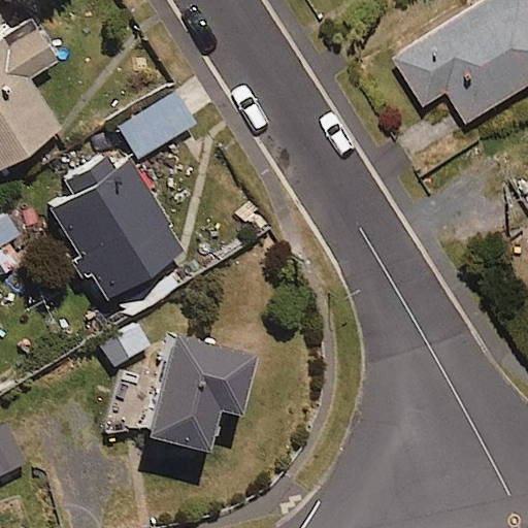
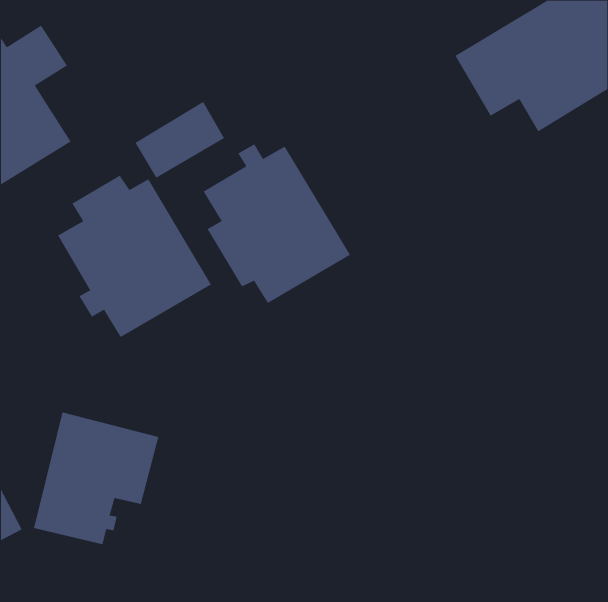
building: none -> [203,144,351,304]
building: [146,334,256,450] -> [33,412,159,545]

